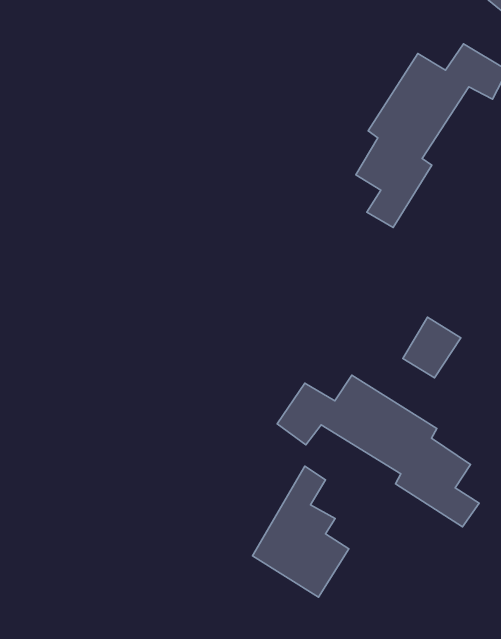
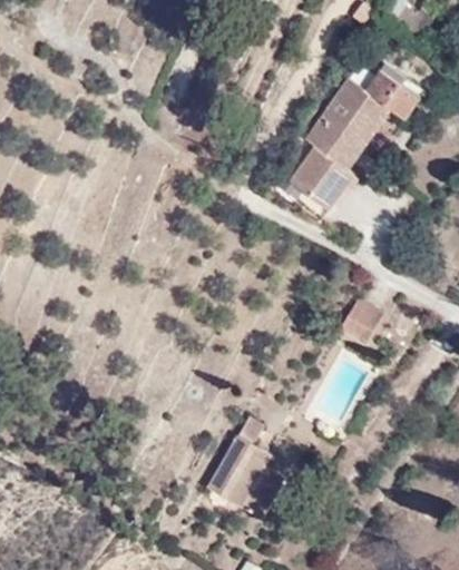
building: [277,375,479,527] -> none

